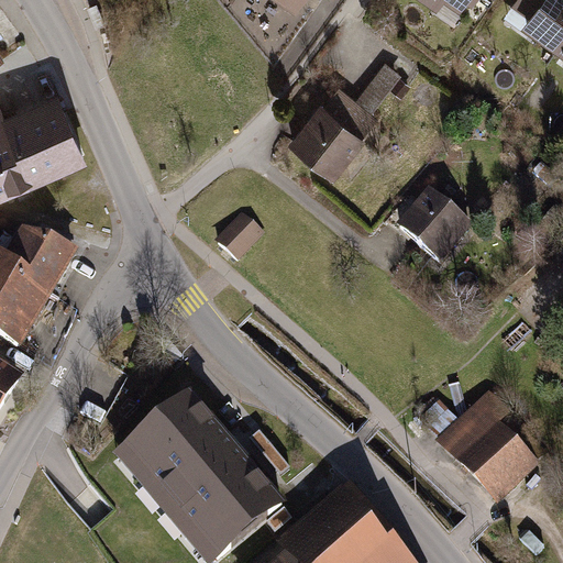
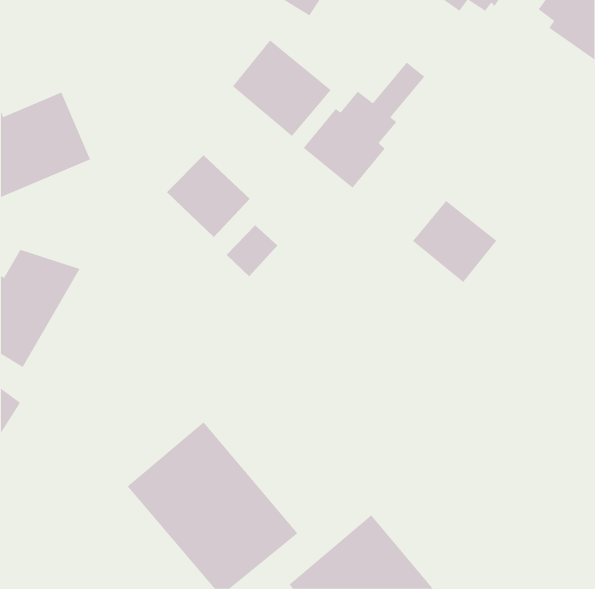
building: none -> [232,39,331,137]
building: none -> [166,155,251,238]
building: [441,393,534,496] -> none

